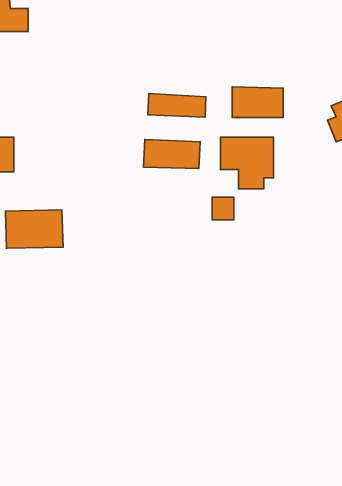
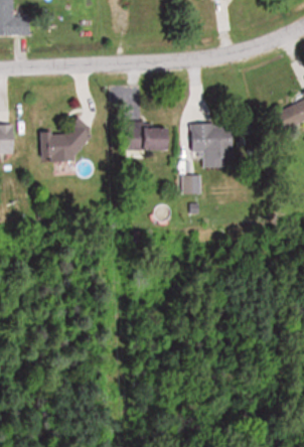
building: [232,87,283,118] -> none
building: [148,93,206,117] -> none
building: [5,210,63,248] -> [40,129,89,161]

